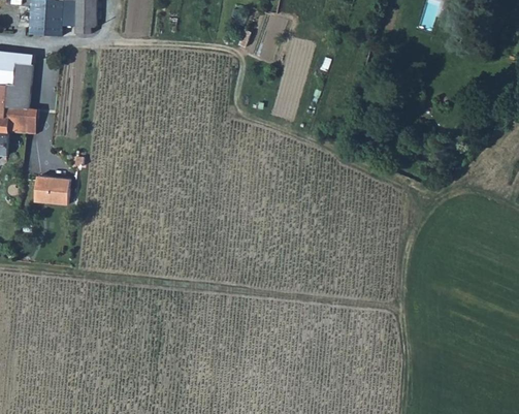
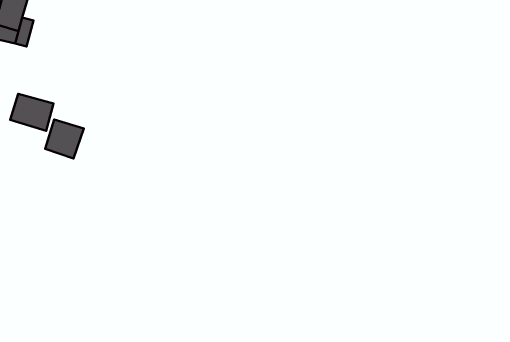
building: none -> [45,119,84,159]

